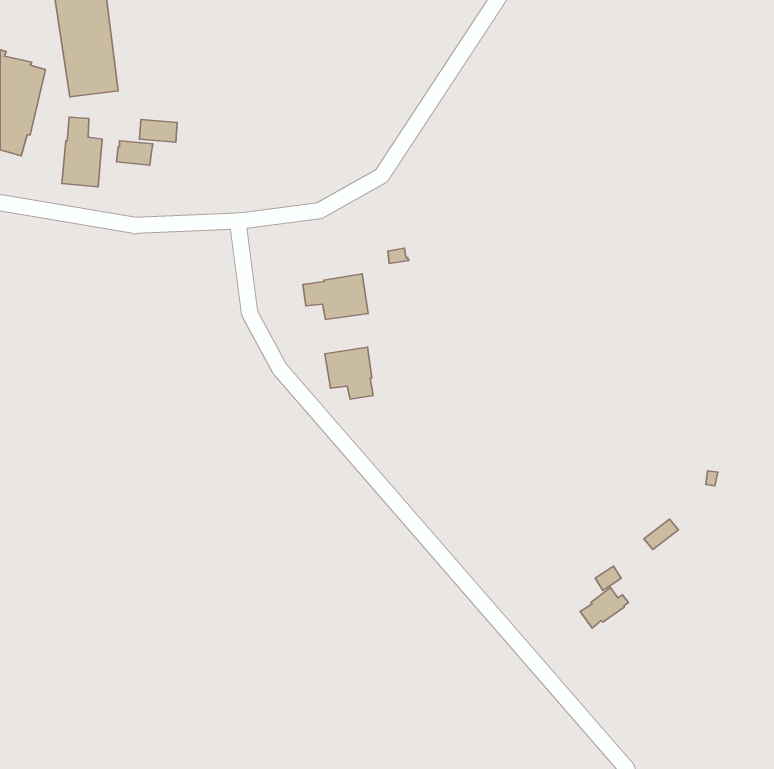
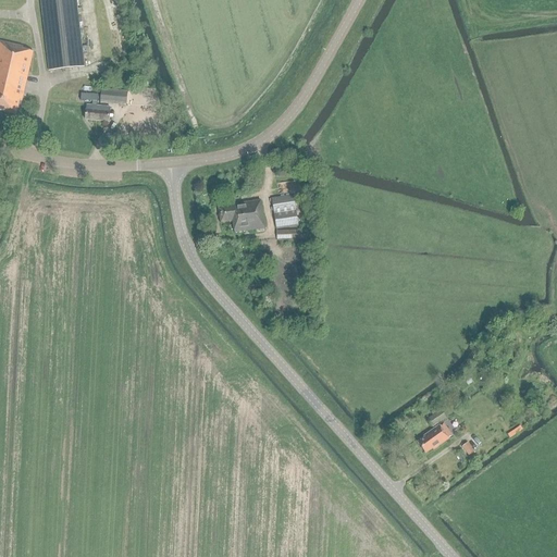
building: [62,117,102,187] -> none
building: none -> [272,194,298,227]
building: [325,347,373,399] -> none

